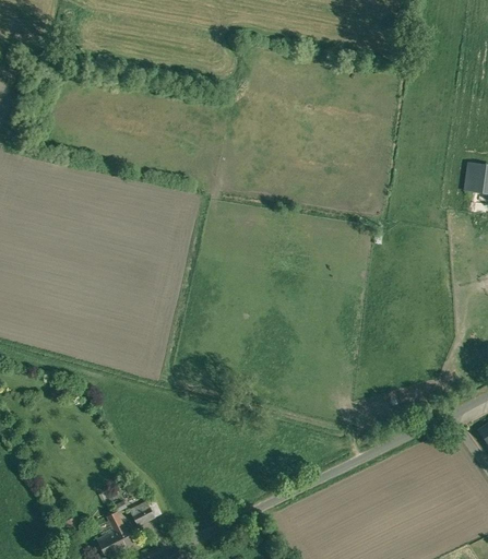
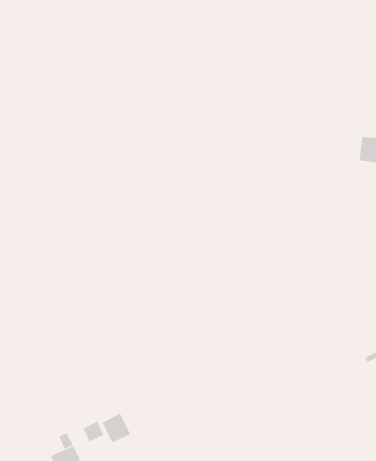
building: none -> [102,413,131,443]

